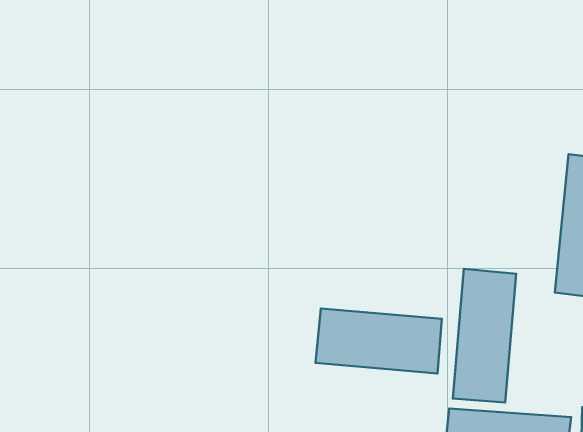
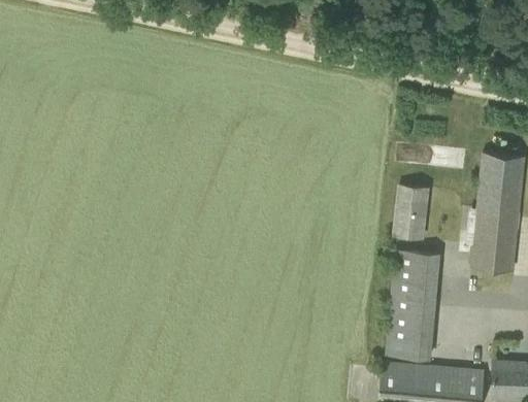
building: none -> [392,185,431,241]
building: [315,308,442,374] -> none

